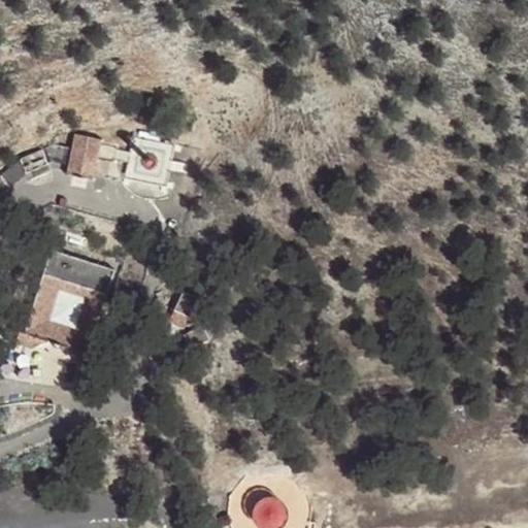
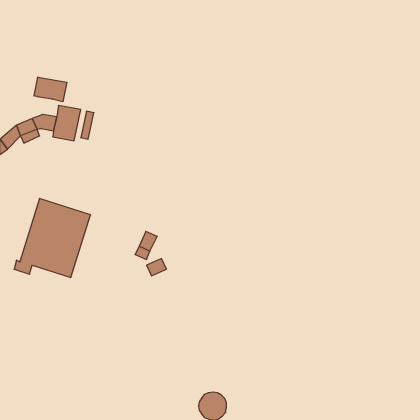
building: none -> [34,77,67,102]

